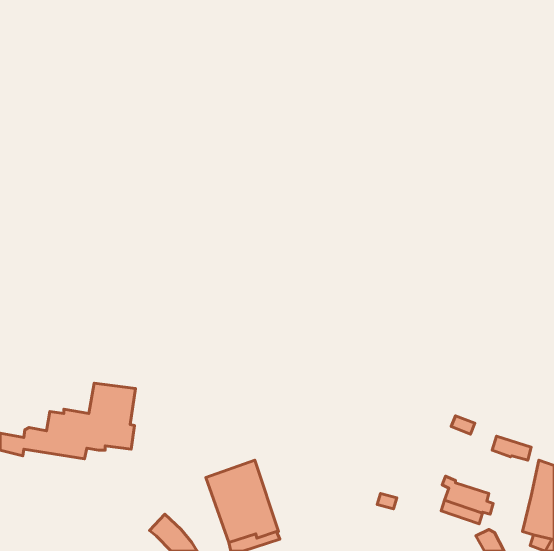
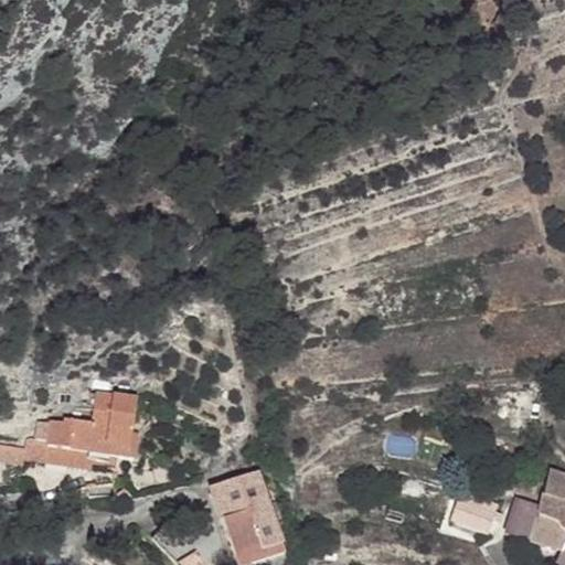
building: none -> [503,497,541,542]

